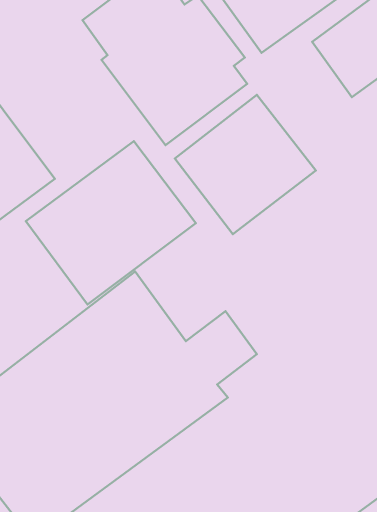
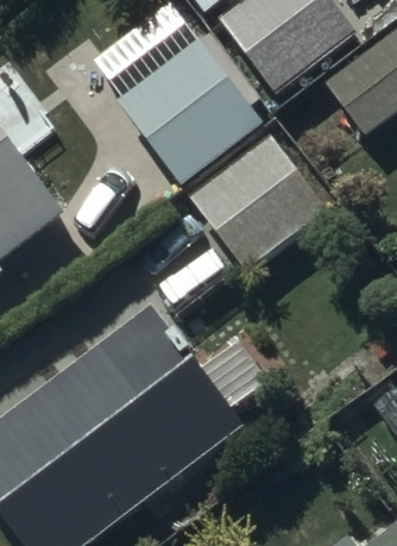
building: [26,141,196,305] -> none

